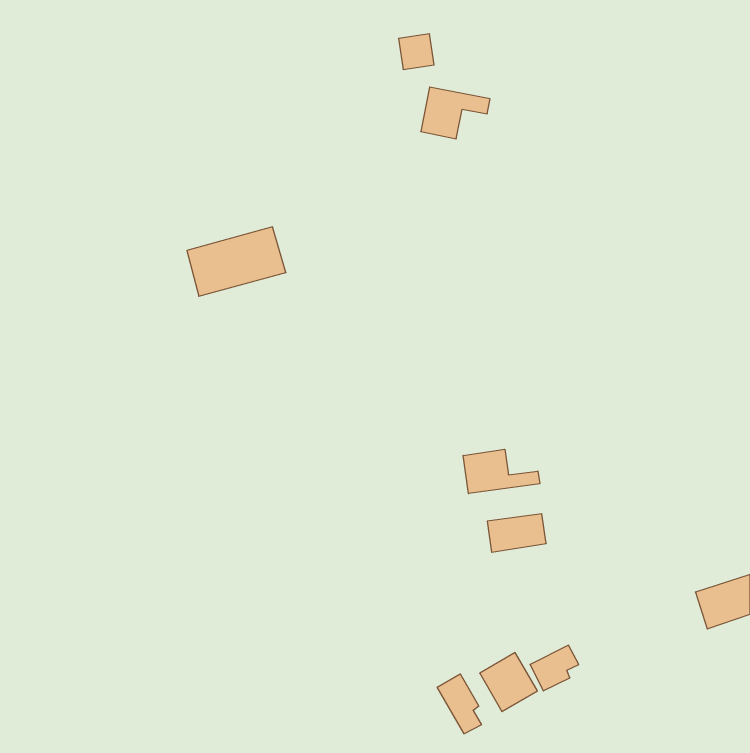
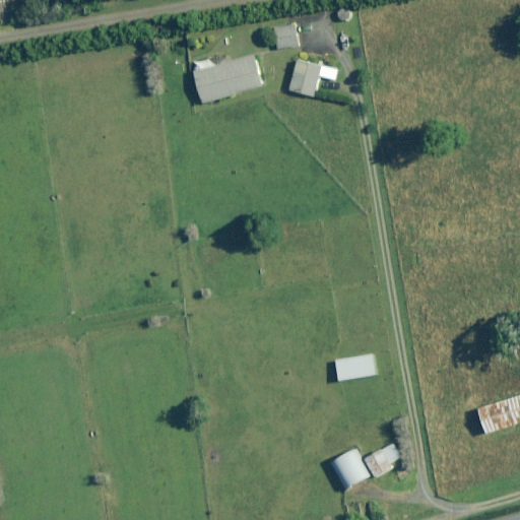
building: [187,227,286,296] -> [194,54,262,102]
building: [463,449,540,494] -> none
building: [437,674,481,734] -> none

